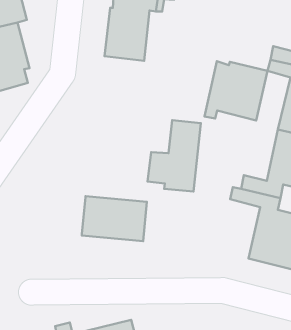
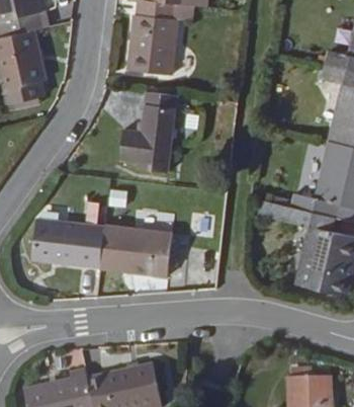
building: [205,61,268,120] -> none
building: [148,120,201,192] -> [121,90,180,169]
building: none -> [37,220,109,265]

